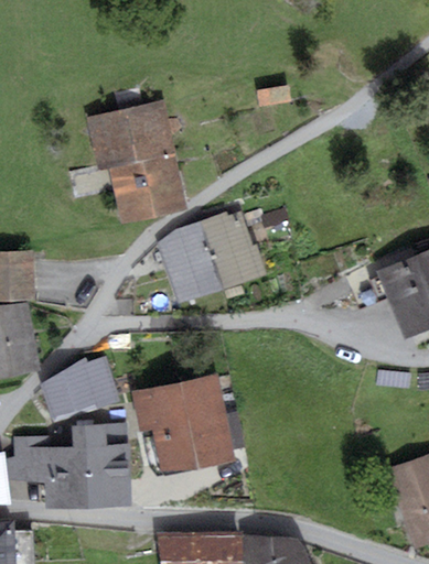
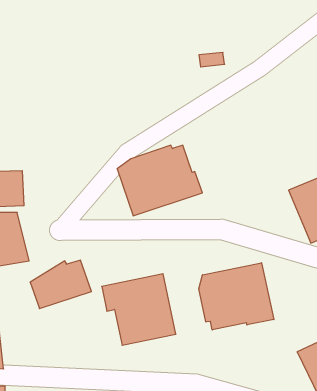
building: [86,91,185,213] -> none
building: none -> [199,263,274,330]
building: [13,425,126,503] -> none

